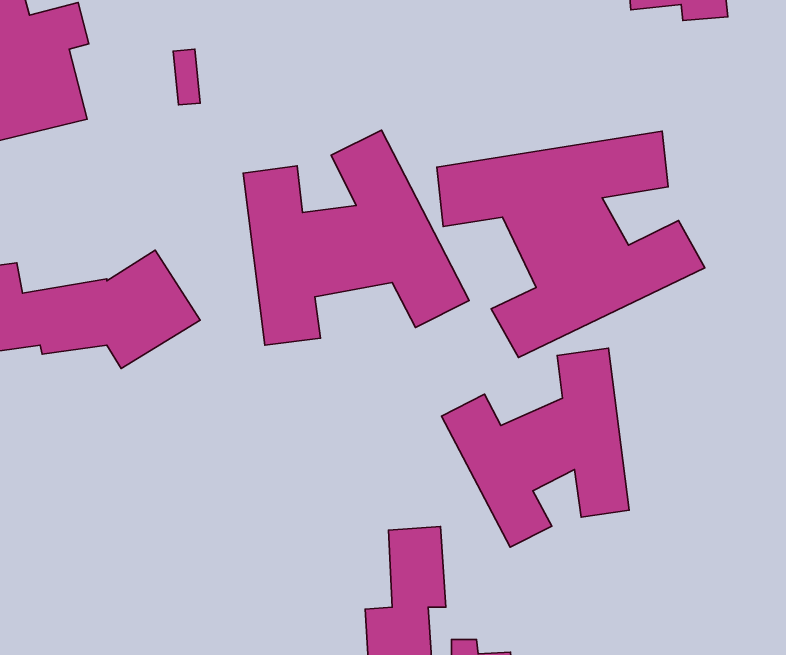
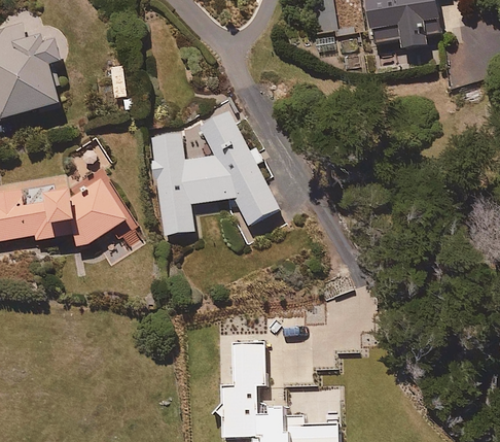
building: [437,131,705,357] -> none
building: [441,348,629,547] -> none

